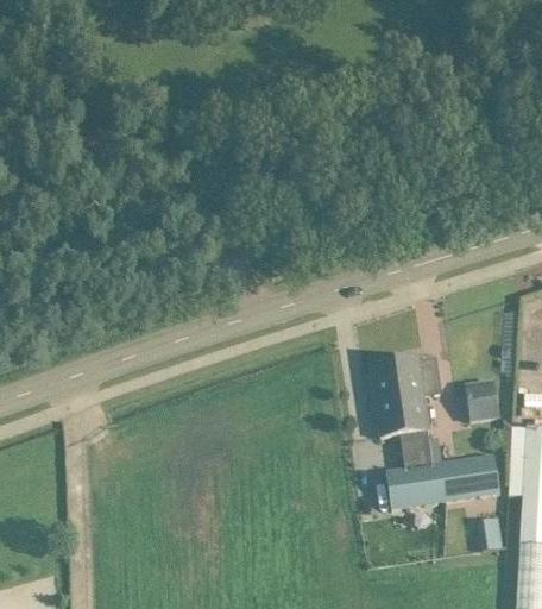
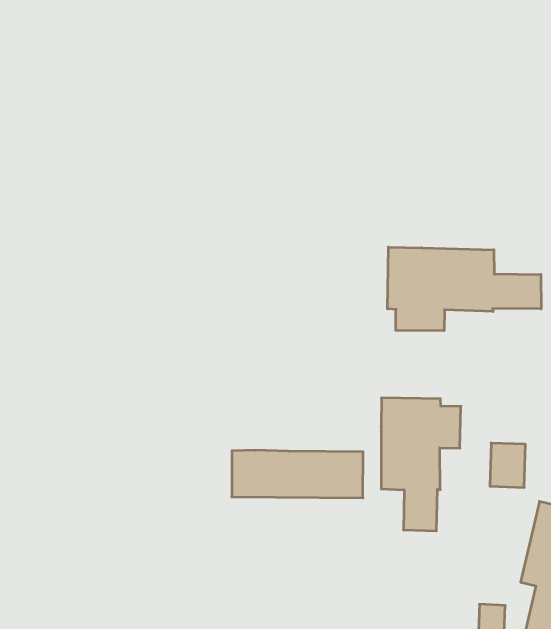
building: none -> [388,247,541,331]
building: [386,454,500,509] -> [232,450,363,498]

